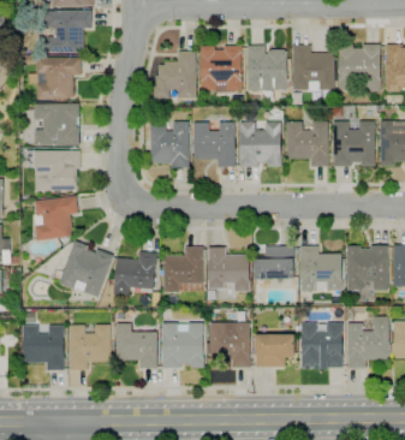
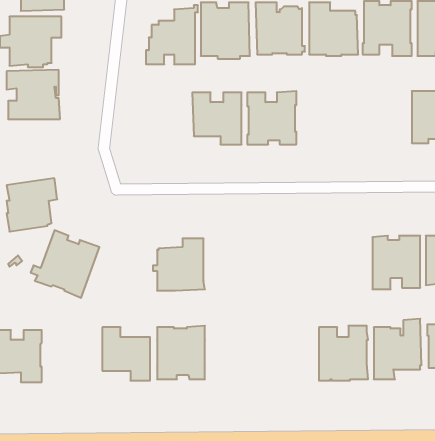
building: [333,119,374,167] -> none
building: [286,121,328,167] -> none
building: [149,123,189,168] -> none
building: [35,150,79,191] -> none
building: [254,246,293,279] -> none
building: [299,246,341,291] -> none
building: [207,248,249,292] -> none
building: [113,251,156,296] -> none
building: [209,322,250,368] -> none
building: [69,325,111,370] -> none
building: [255,334,294,367] -> none

